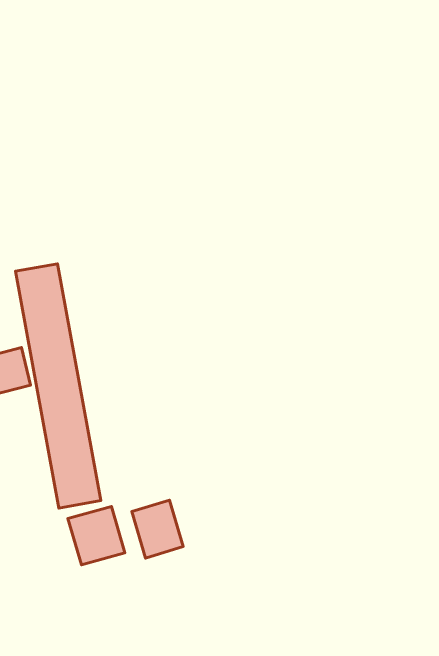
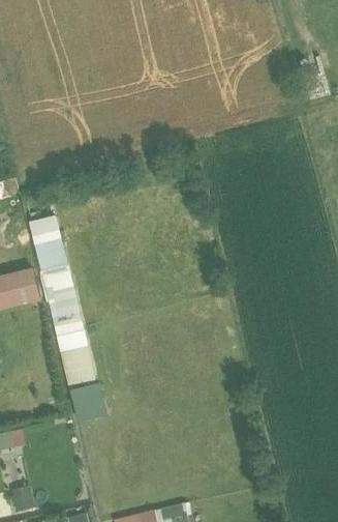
building: [132,500,183,558] -> none

